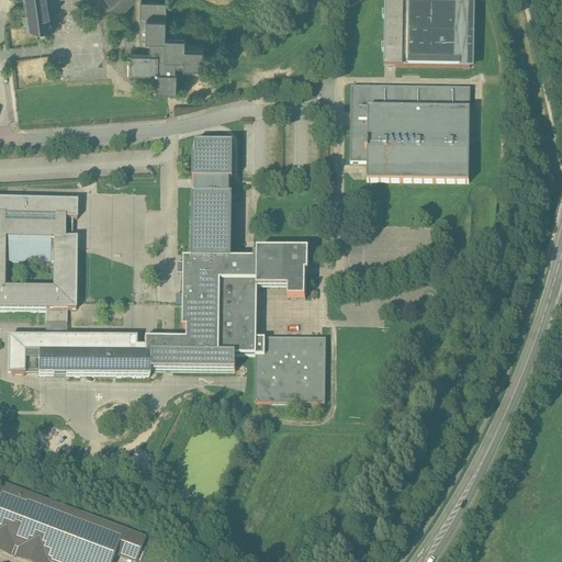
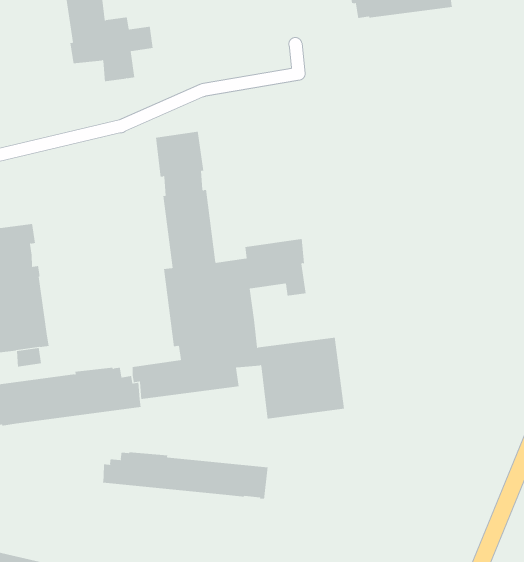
building: [350,83,469,179] -> none
building: none -> [102,452,268,500]

